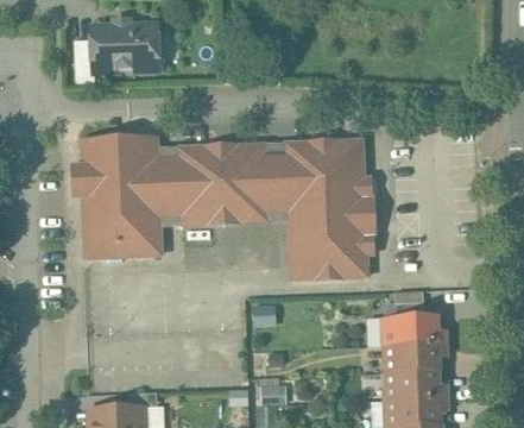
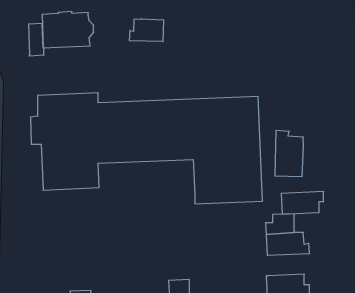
building: none -> [129,19,163,42]
building: none -> [275,130,303,177]
building: [386,344,442,373] -> [281,192,324,214]

